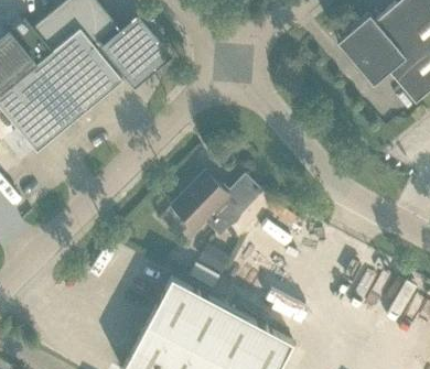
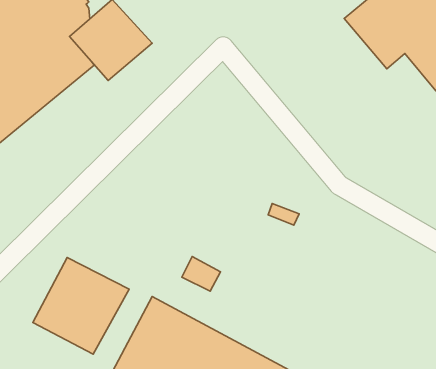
building: [172,173,261,235] -> none
building: none -> [33,258,129,354]

